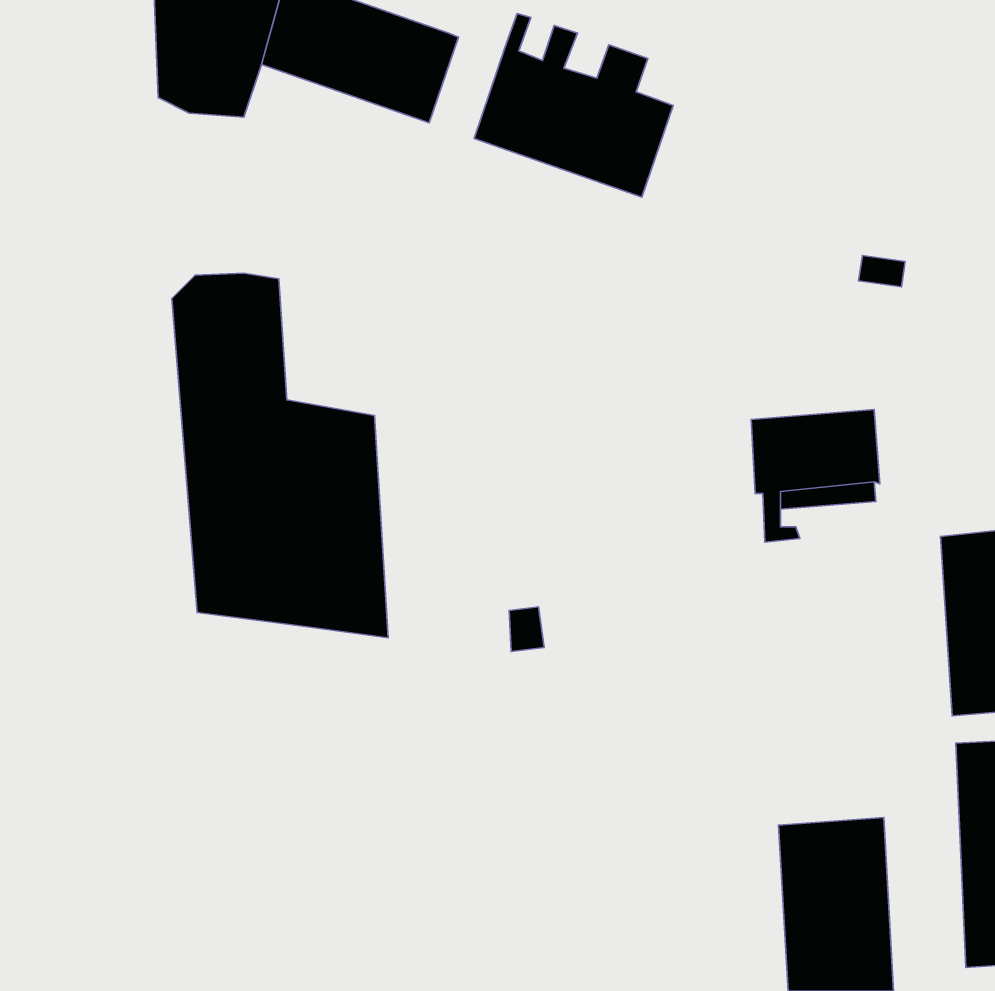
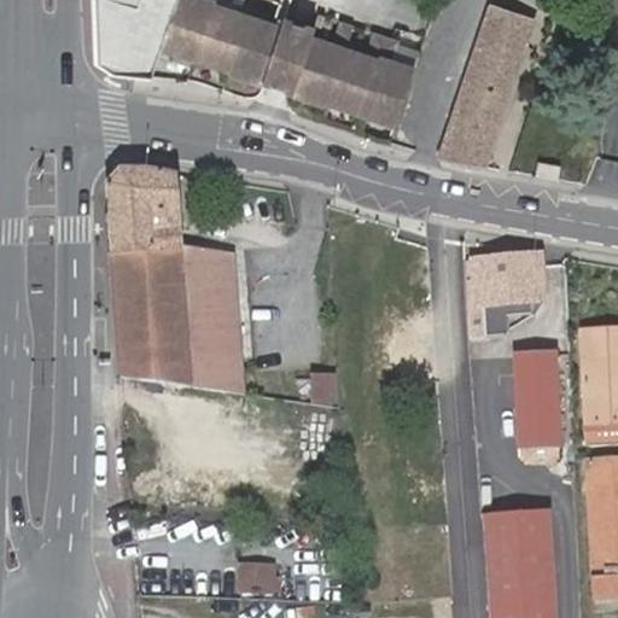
building: none -> [439,7,534,168]
building: none -> [267,23,314,86]
building: none -> [517,355,561,456]
building: none -> [239,560,284,599]

